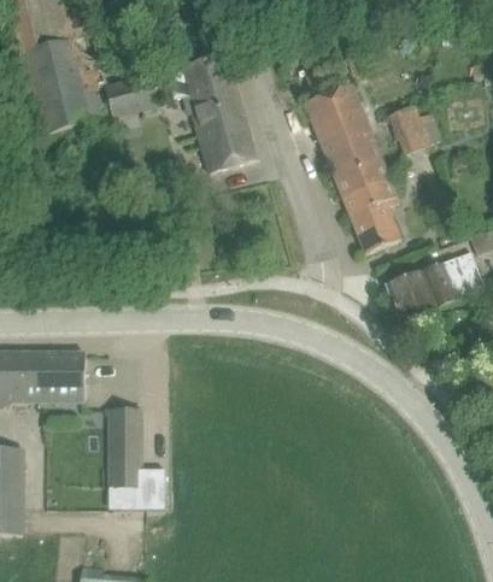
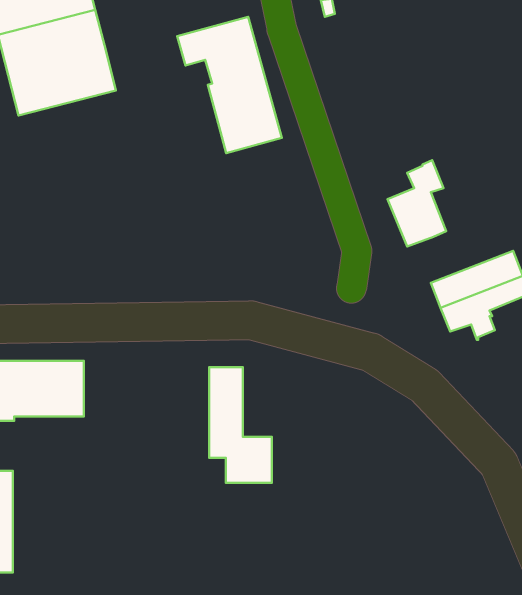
building: [104,71,163,117] -> none
building: [304,83,386,211] -> none
building: [388,102,442,153] -> none
building: [110,407,164,507] -> [209,367,272,483]

